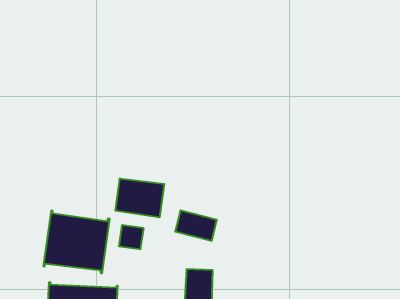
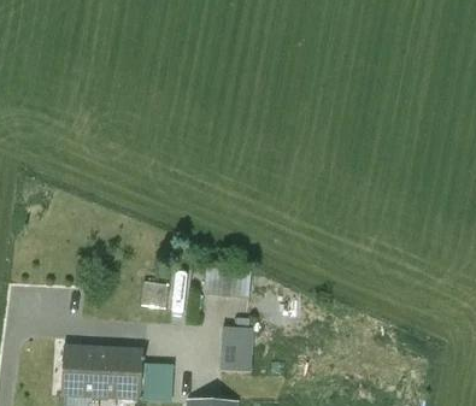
building: [115,178,164,217] -> none
building: [44,210,110,273] -> none

